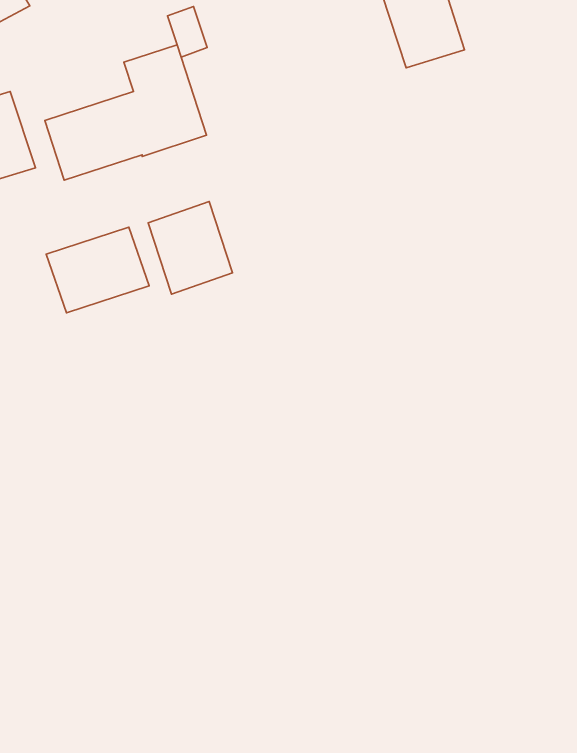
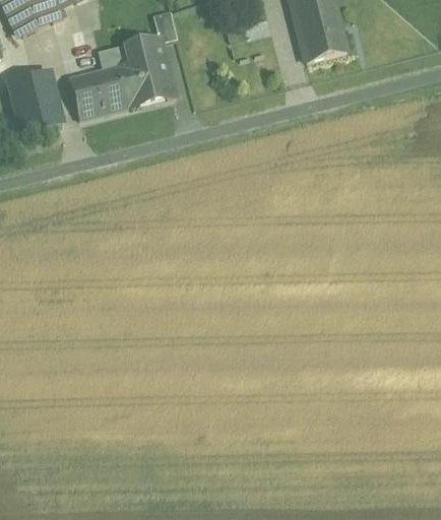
building: [148,202,232,294] -> none
building: [46,227,149,313] -> none

